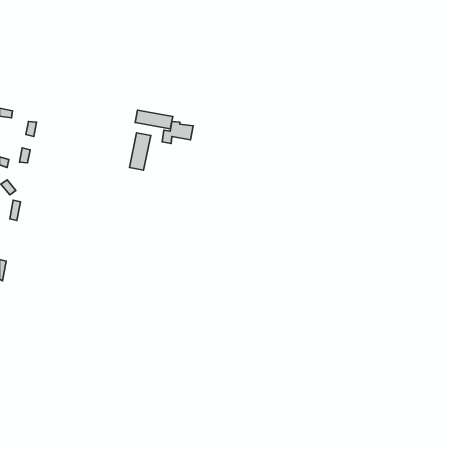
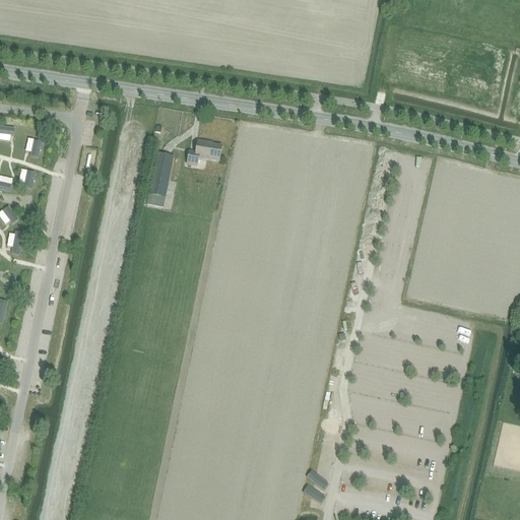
building: [135,110,173,129] -> none

